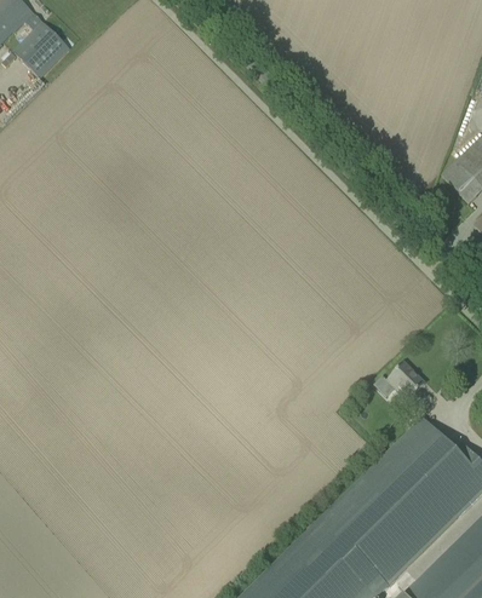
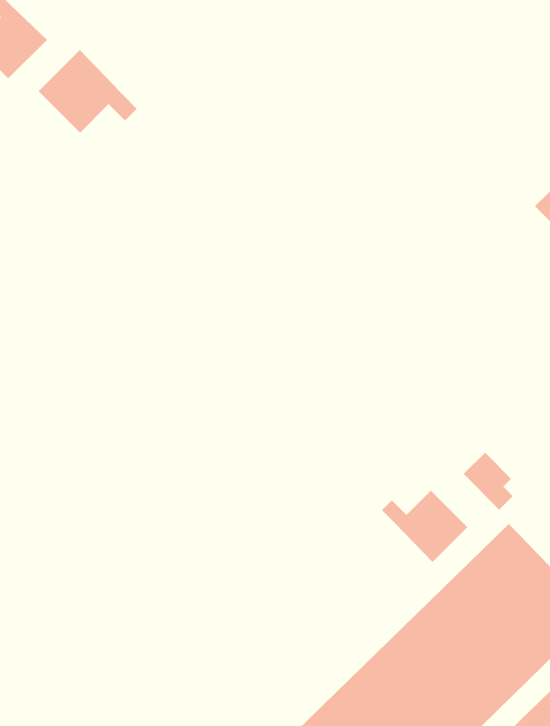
building: none -> [38,49,137,133]
building: none -> [381,490,468,563]

